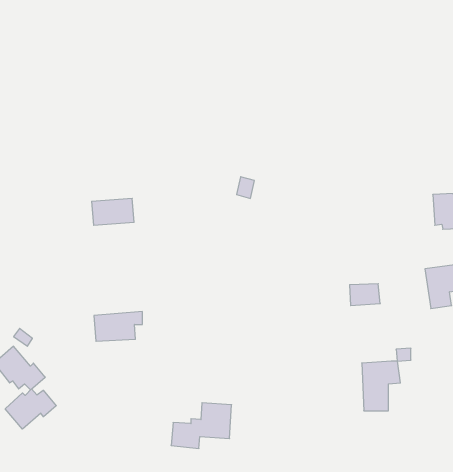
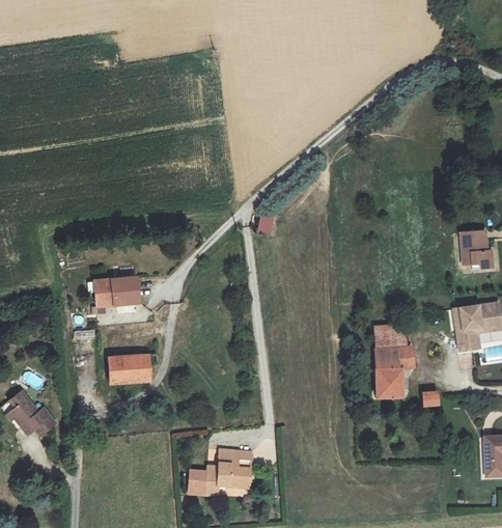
building: [92,198,134,225] -> [95,276,140,304]
building: [362,361,400,411] -> [375,345,416,397]
building: [5,389,56,429] -> none

